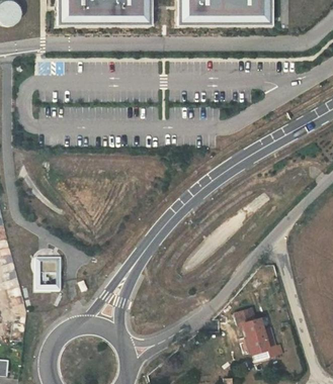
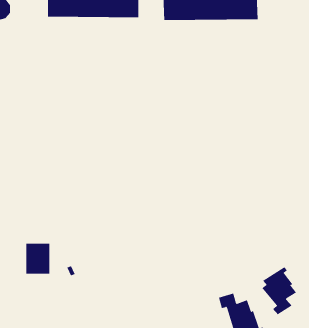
building: none -> [262,266,297,315]

